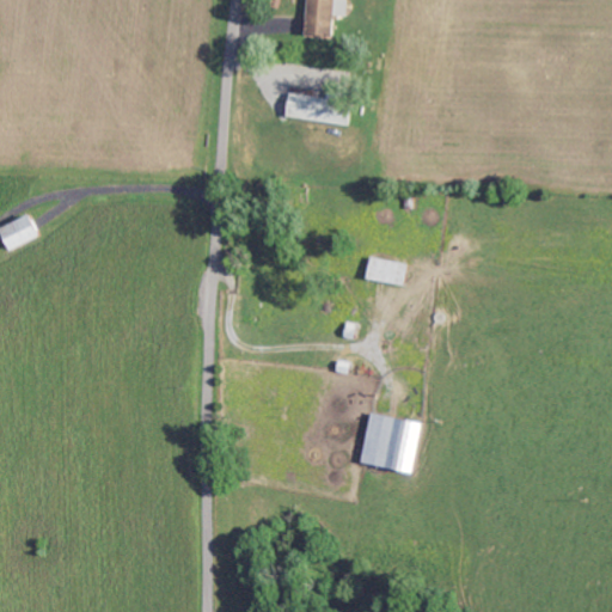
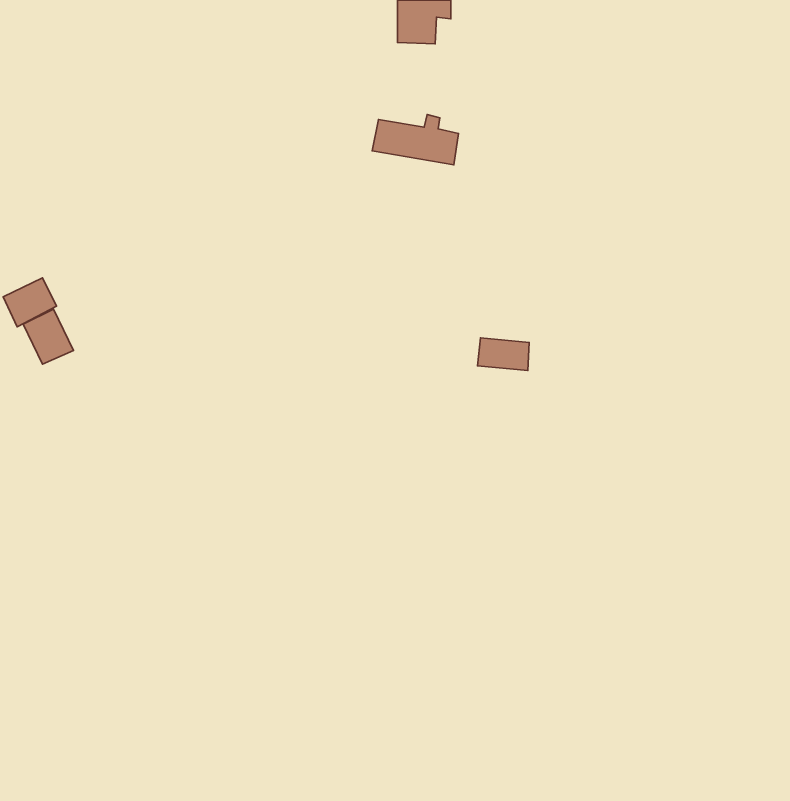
building: none -> [23,309,73,364]
building: [359,412,421,472] -> none

